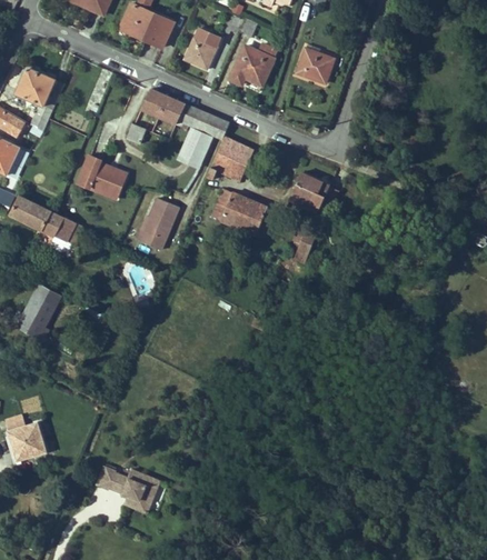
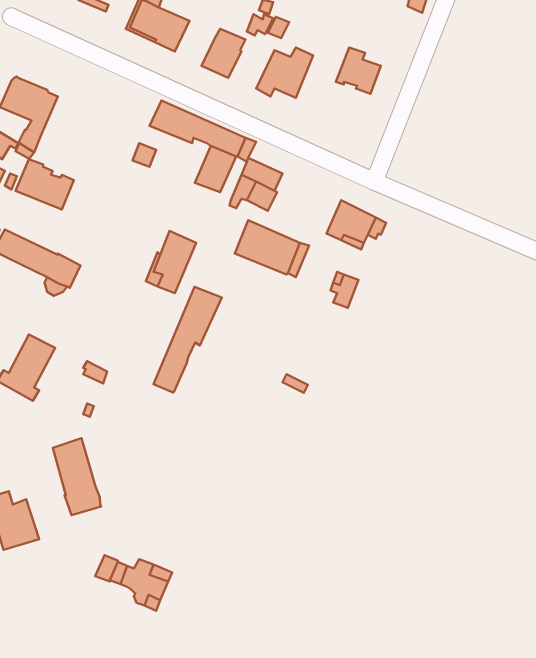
building: [77,156,126,198] -> [15,159,74,210]
building: none -> [154,287,222,393]
building: none -> [53,438,101,515]

